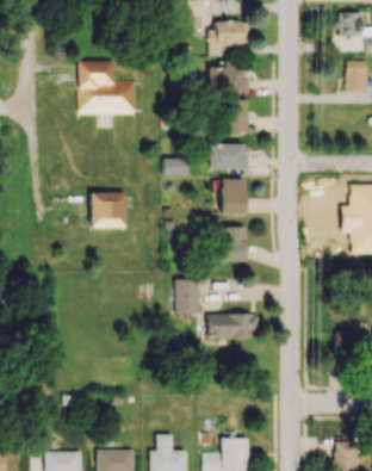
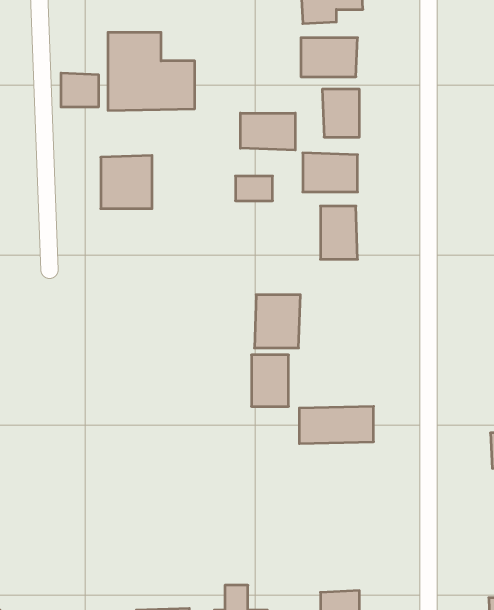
building: none -> [61,73,98,107]
building: none -> [240,113,295,150]
building: [92,192,126,228] -> [101,155,152,209]
building: [216,227,247,262] -> [254,295,300,348]

